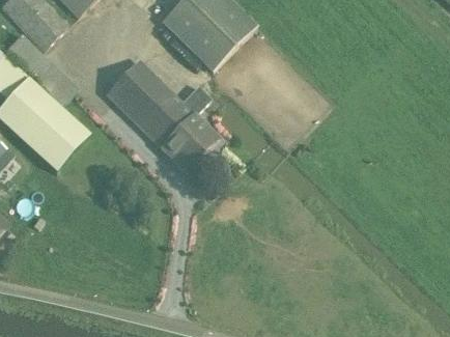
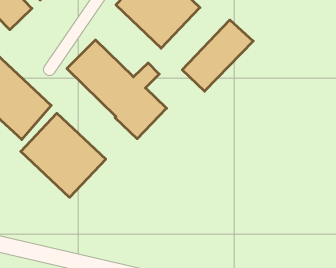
building: none -> [182,20,253,91]
building: none -> [21,113,106,197]

